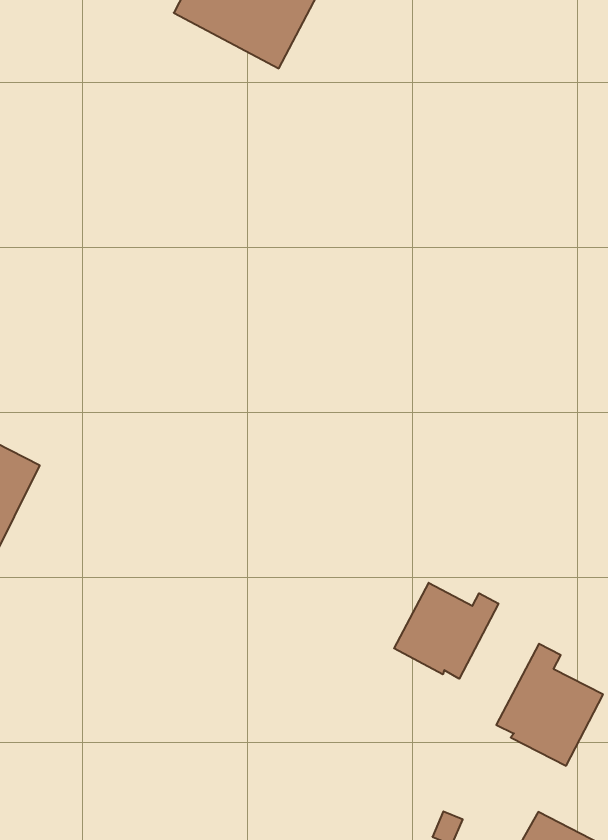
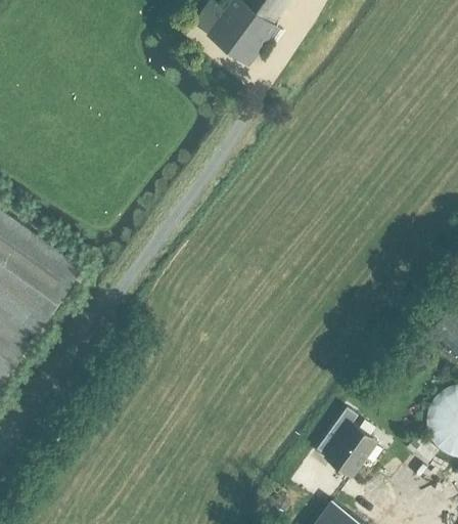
building: [394,583,498,679] -> none

